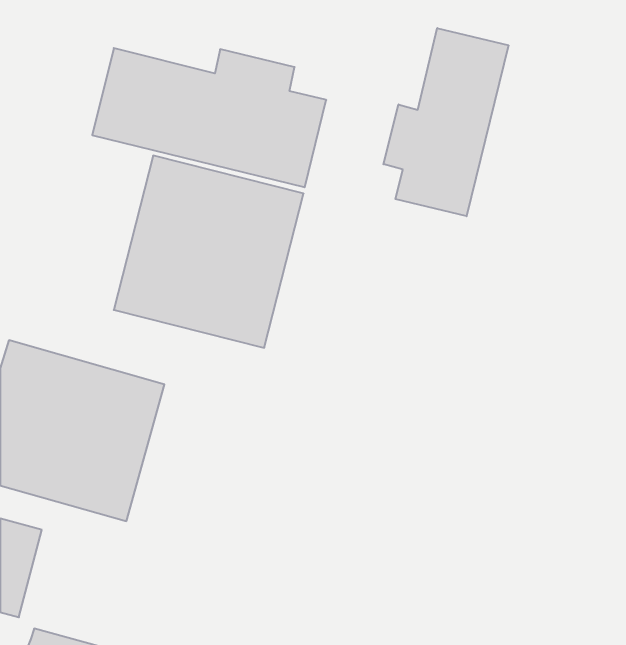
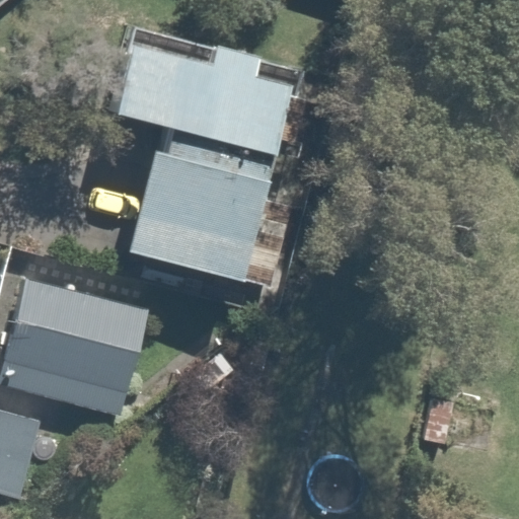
building: [383,28,508,216] -> none

